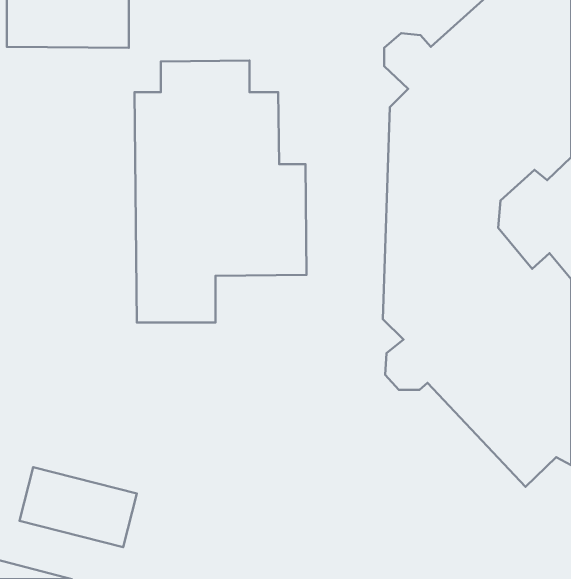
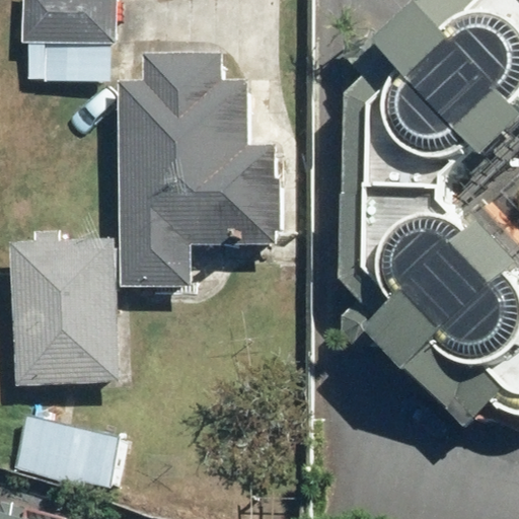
building: none -> [7,237,121,386]

